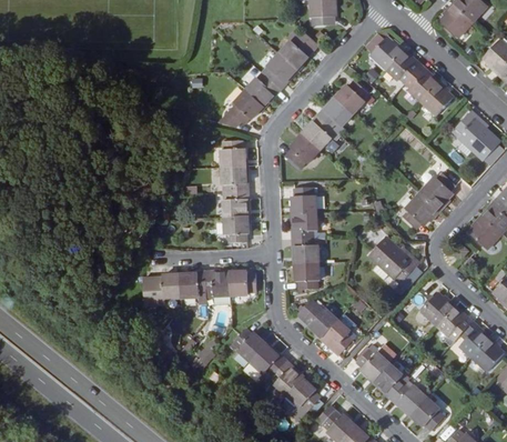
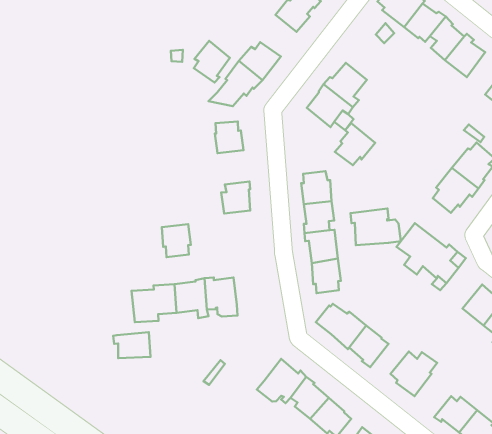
building: [265,52,296,88] -> [194,41,230,83]
building: [336,79,375,112] -> none
building: [285,132,320,168] -> [335,123,375,165]
building: [223,164,249,192] -> none
building: [225,215,249,242] -> [162,224,191,257]
building: none -> [350,209,401,245]
building: [230,271,256,294] -> none
building: none -> [113,332,150,358]
building: [232,328,265,360] -> none
building: [375,363,410,400] -> none

